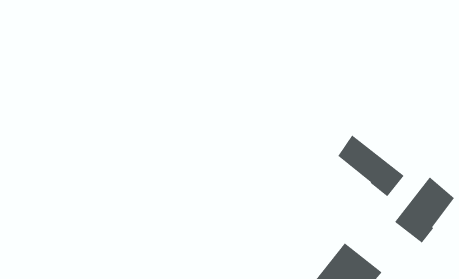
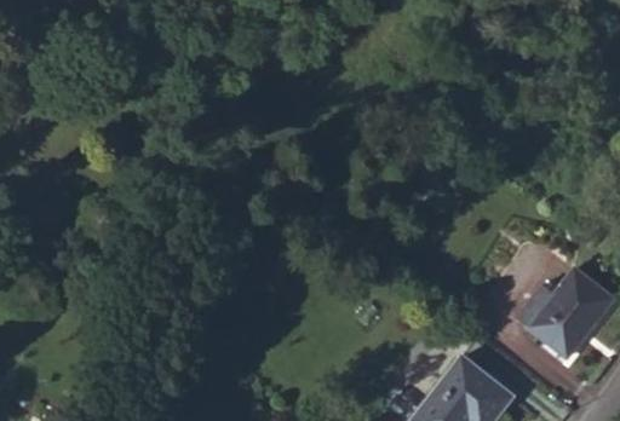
building: [338,135,404,197] -> none

